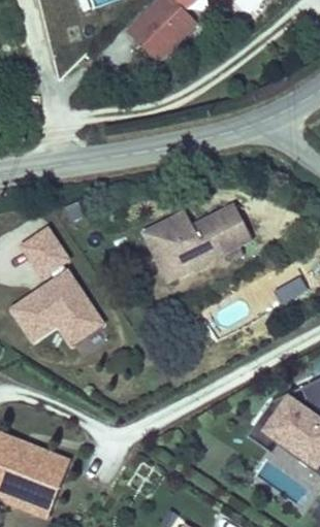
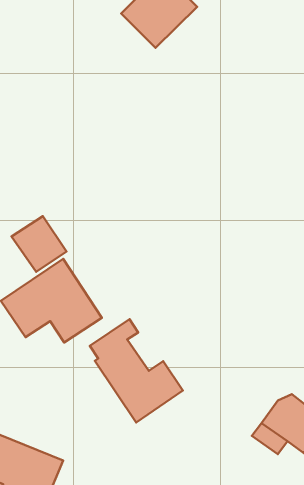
building: [140,201,253,282] -> none
building: none -> [90,319,183,422]

